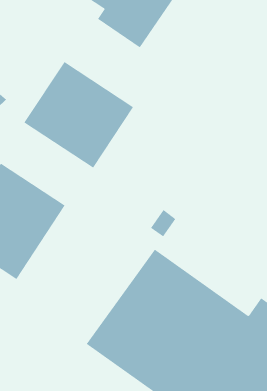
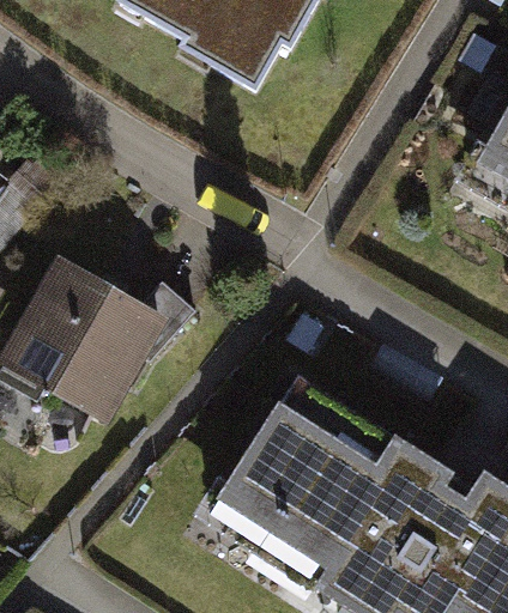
building: [24,61,134,168] -> none

